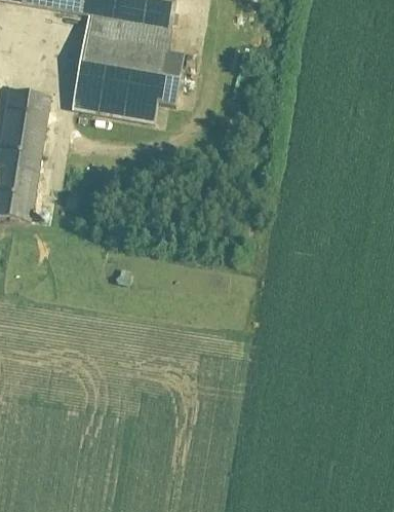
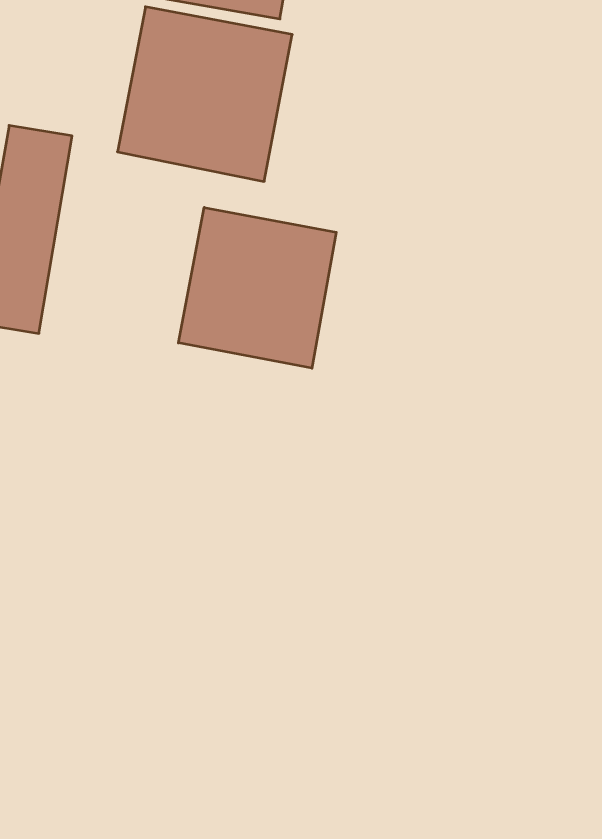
building: none -> [178,207,336,368]

